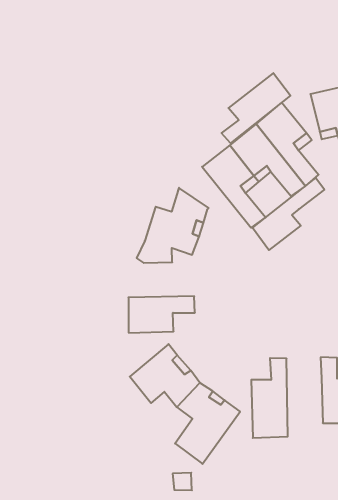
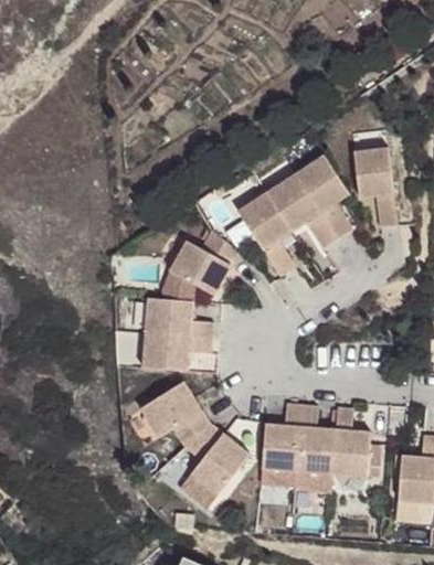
building: [222,73,290,143] -> none
building: [252,178,324,250] -> none
building: none -> [150,295,218,334]
building: none -> [296,406,336,489]

